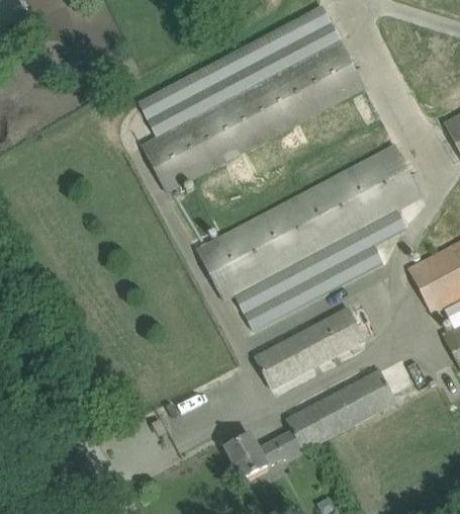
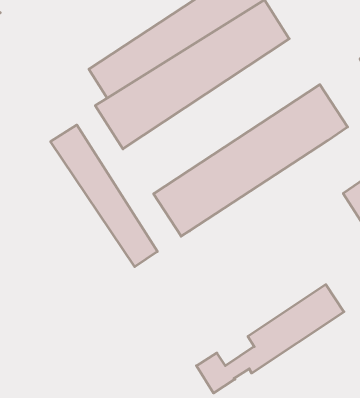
building: none -> [51,125,157,267]
building: [234,207,408,330] -> none
building: [255,307,365,389] -> none

